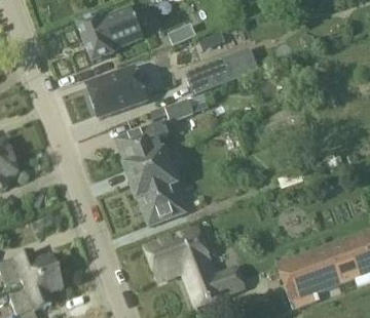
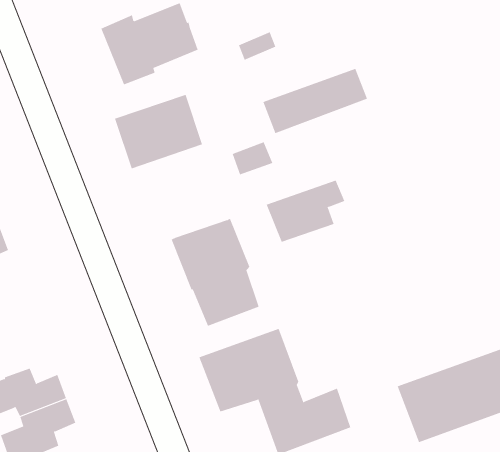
building: [117,120,171,162] -> [266,180,345,243]

